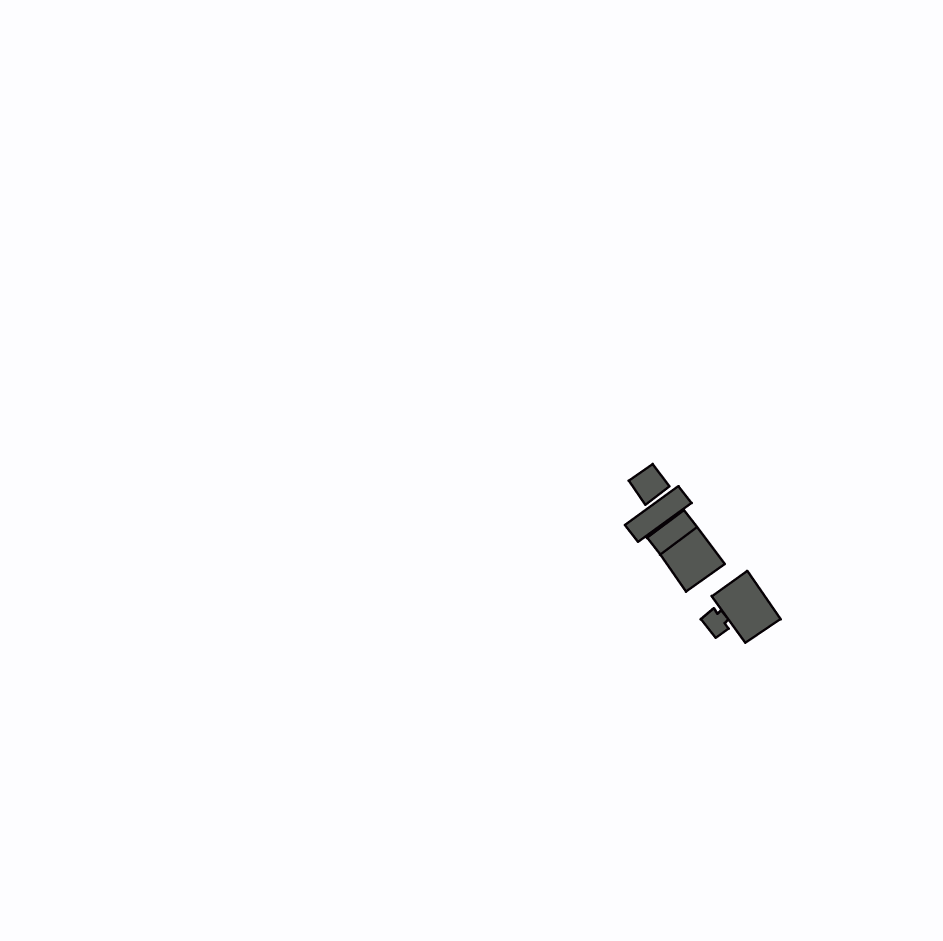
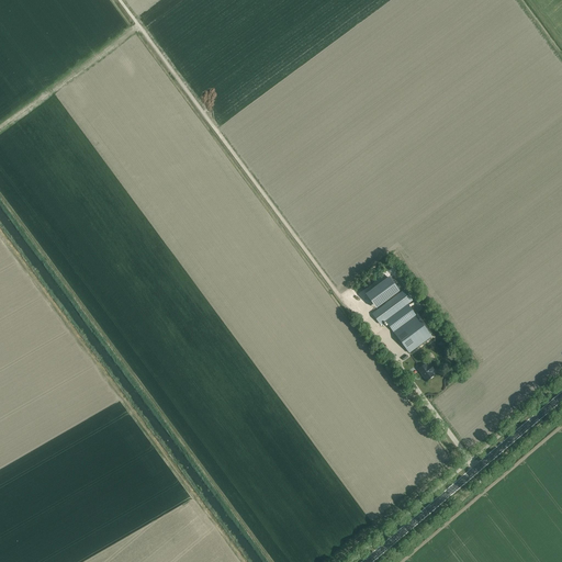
building: [712,571,781,643] -> none

